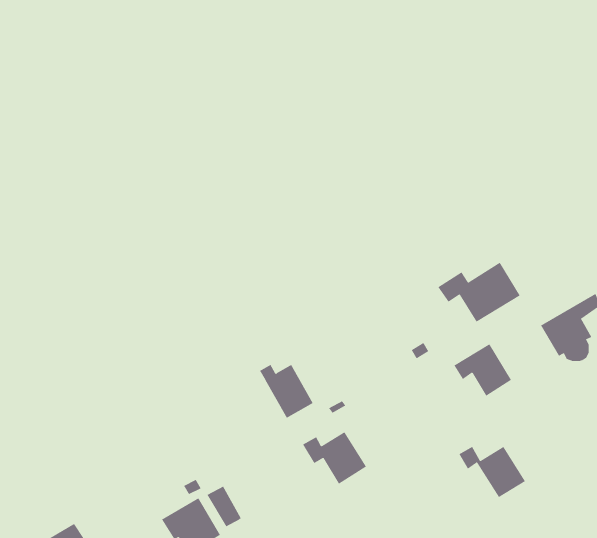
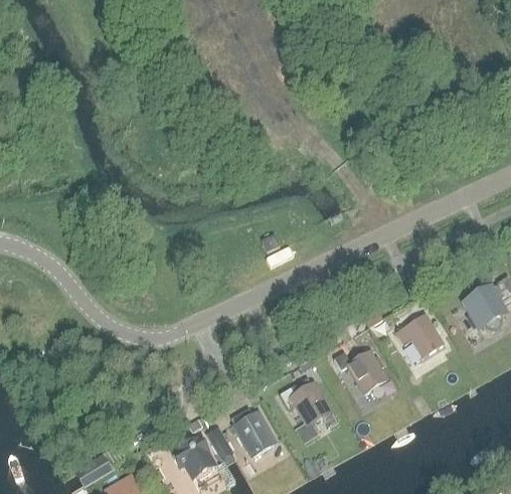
building: [438,262,520,322] -> none
building: [259,364,313,419] -> [232,414,275,456]
building: [458,446,526,498] -> [335,353,387,393]

